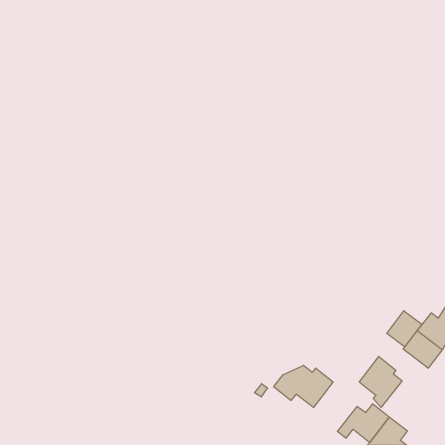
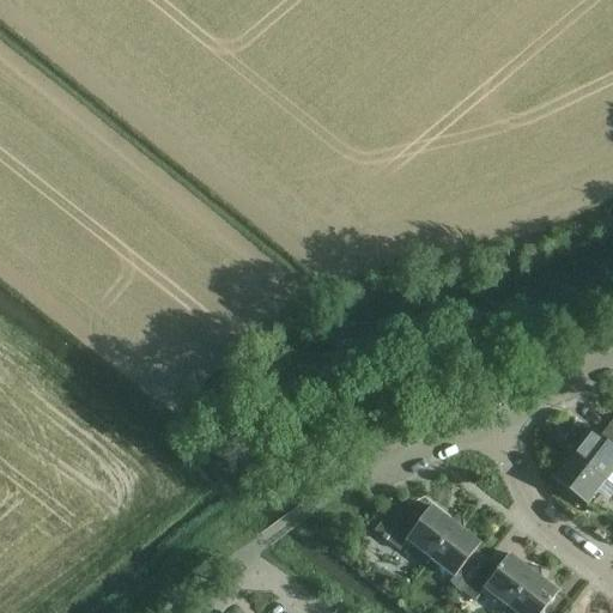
building: [387,311,422,347] -> none
building: [359,357,402,407] -> [432,523,491,593]

